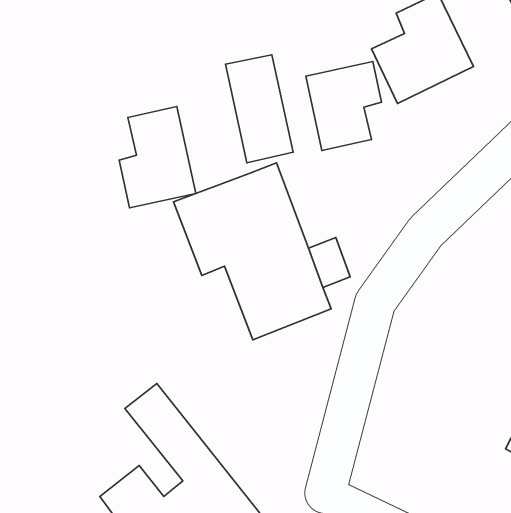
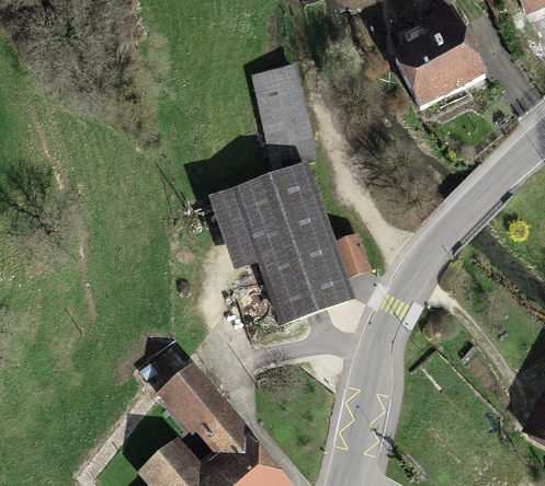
building: [306,62,382,150] -> none
building: [119,106,196,208] -> none

